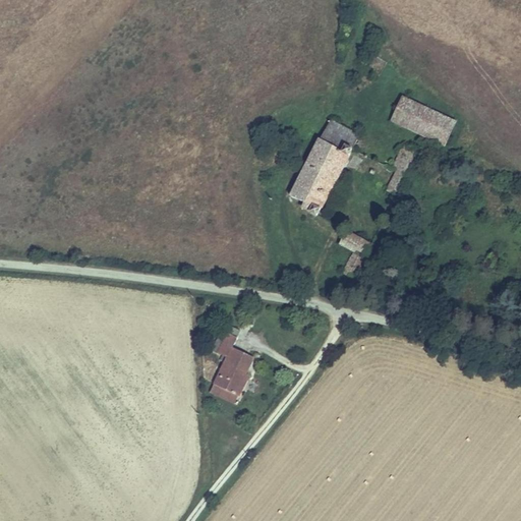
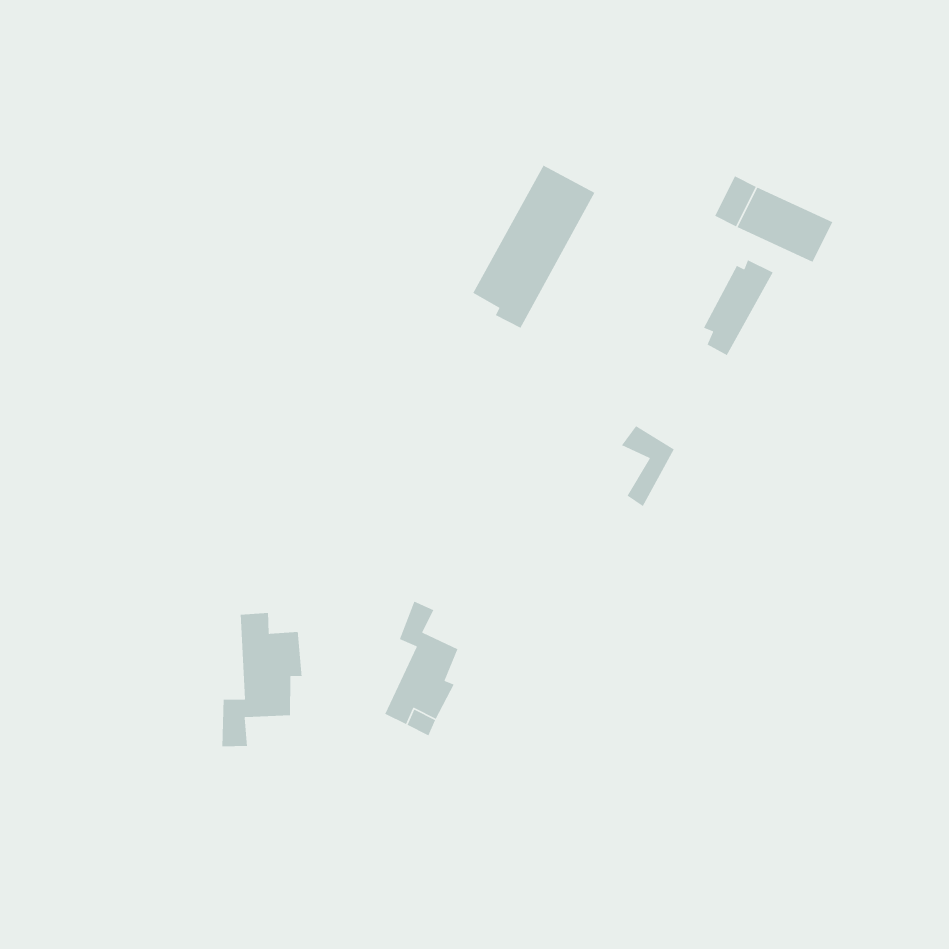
building: [288,124,355,214] -> [472,165,595,329]
building: none -> [222,612,303,747]

